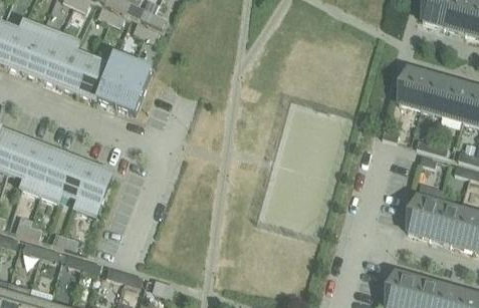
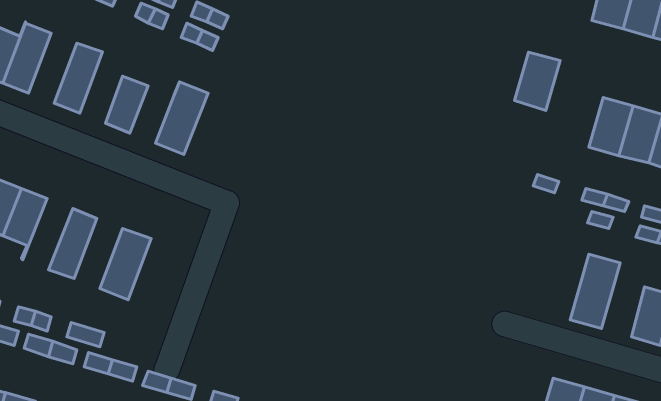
building: [25,28,59,77] -> none
building: [61,41,91,91] -> none
building: [96,55,132,105] -> none
building: [398,67,430,108] -> [514,52,560,111]
building: [21,144,56,195] -> none
building: [57,159,91,208] -> none
building: [429,201,459,242] -> none

